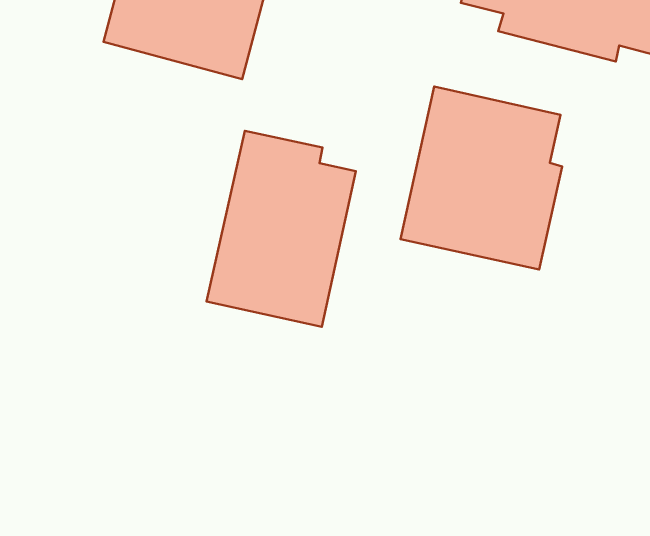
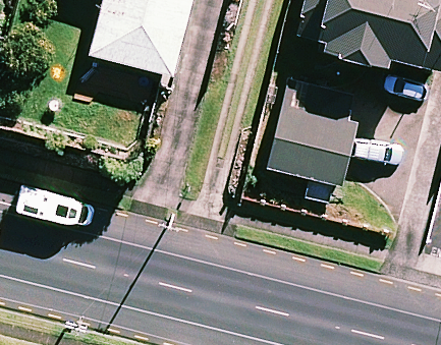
building: [207,131,356,327] -> none

